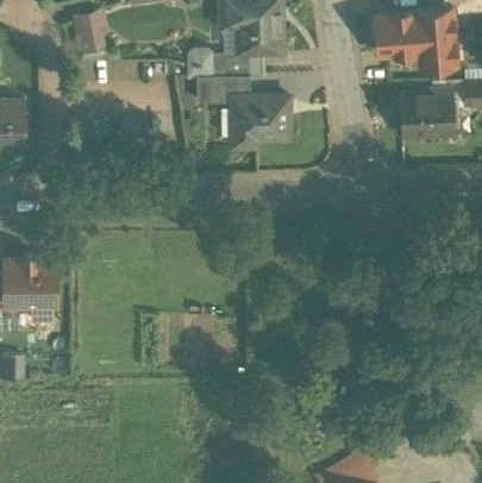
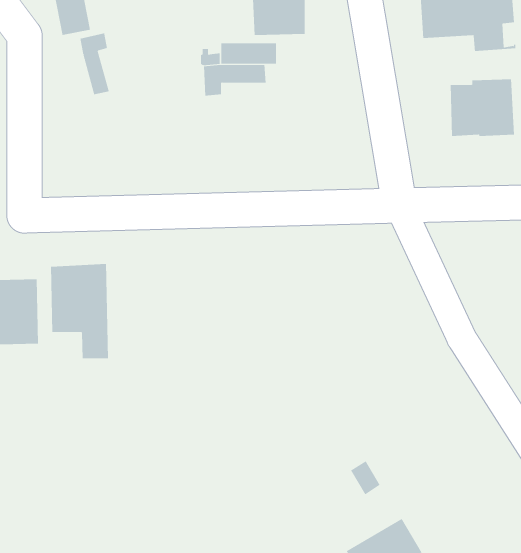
building: none -> [80,33,109,95]
building: [231,96,288,145] -> none
building: none -> [51,263,109,359]

